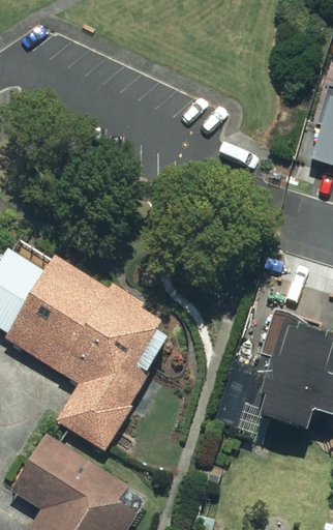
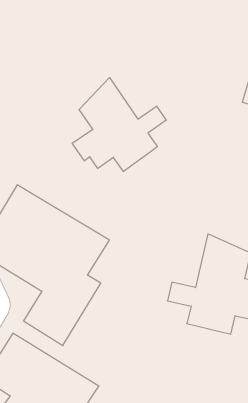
building: none -> [72,78,166,172]

